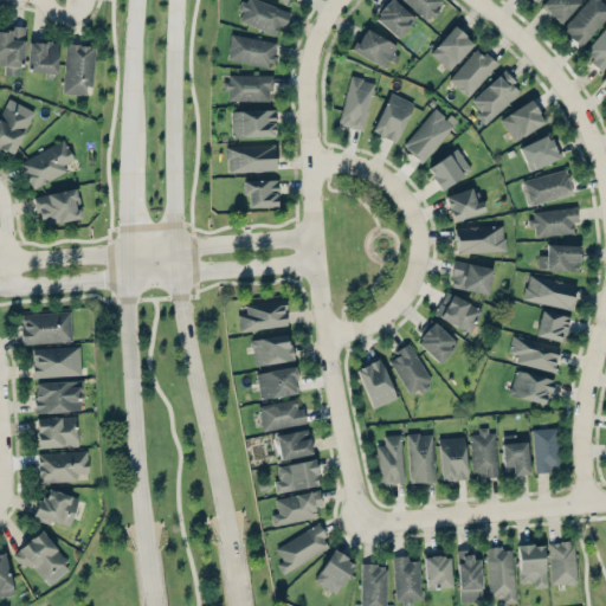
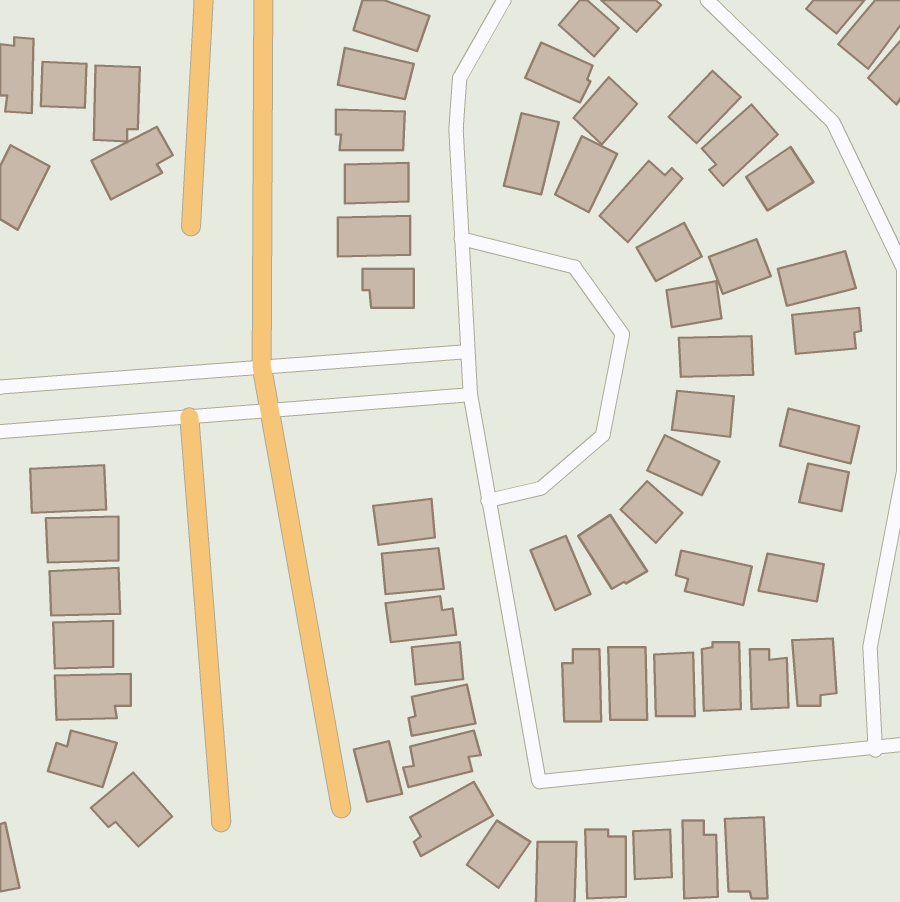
building: [432,26,475,71] -> [573,77,637,144]
building: [521,135,562,172] -> [709,239,771,294]
building: [21,141,76,189] -> [92,127,173,199]
building: [38,191,82,224] -> none
building: [540,245,581,271] -> none
building: [239,301,290,331] -> none
building: [510,336,561,373] -> [676,550,752,605]
building: none -> [354,741,402,802]
building: [14,531,69,581] -> [91,772,172,847]
building: [550,542,578,585] -> none
building: [520,544,547,588] -> none

